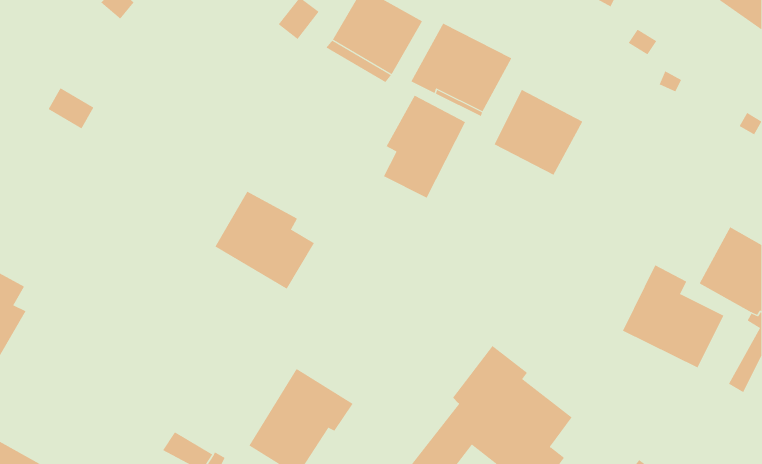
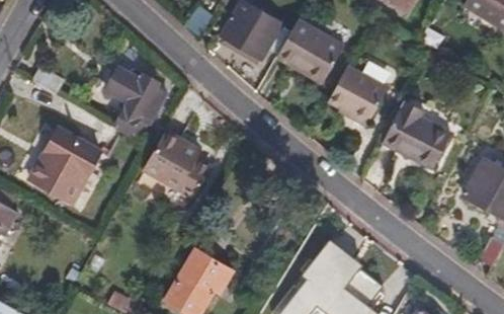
building: none -> [107,70,167,142]
building: [383,95,466,198] -> none
building: none -> [31,127,99,199]
building: [622,265,724,368] -> [381,99,447,167]

